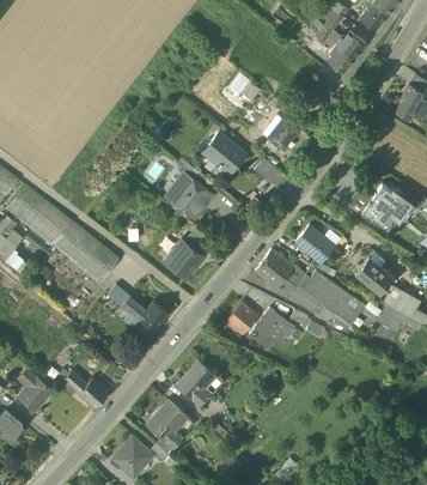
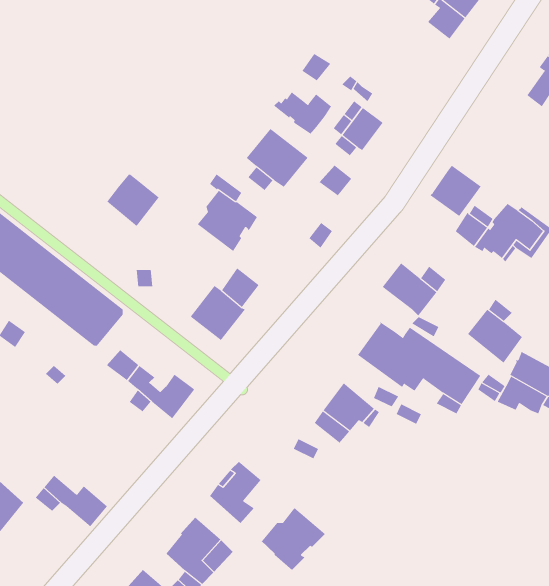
building: none -> [273,92,332,135]
building: none -> [430,165,481,217]
building: none -> [107,174,160,227]
building: [255,249,294,289] -> none
building: [225,302,257,335] -> none
building: none -> [260,507,326,571]

